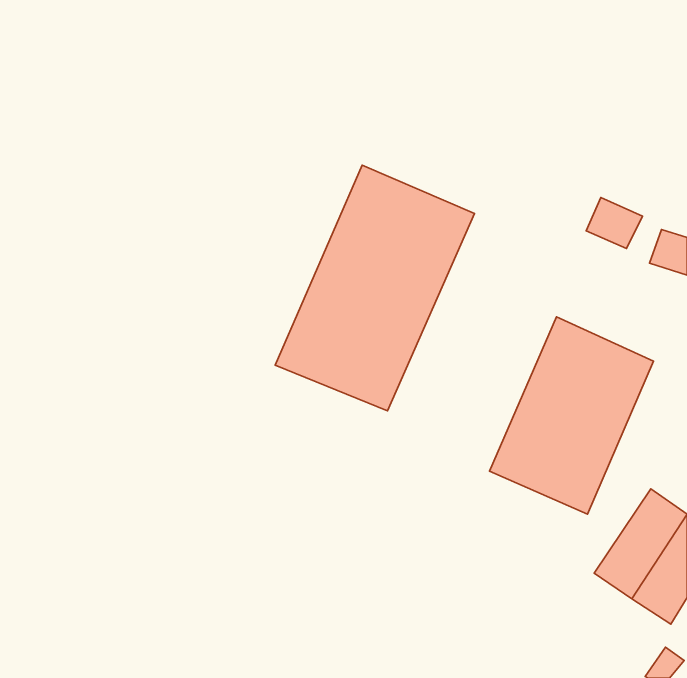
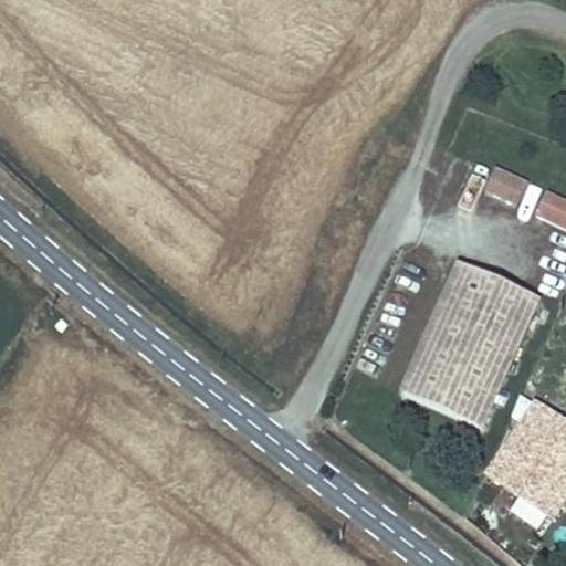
building: [275,165,474,411] -> none

